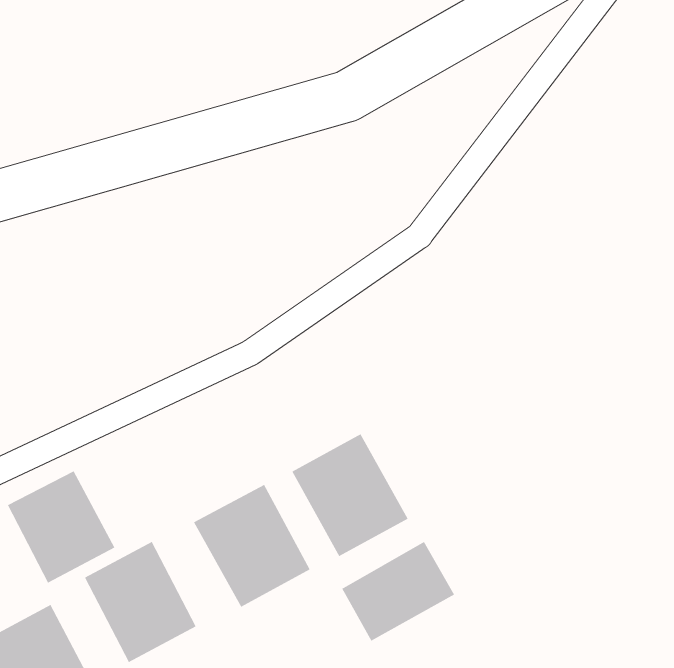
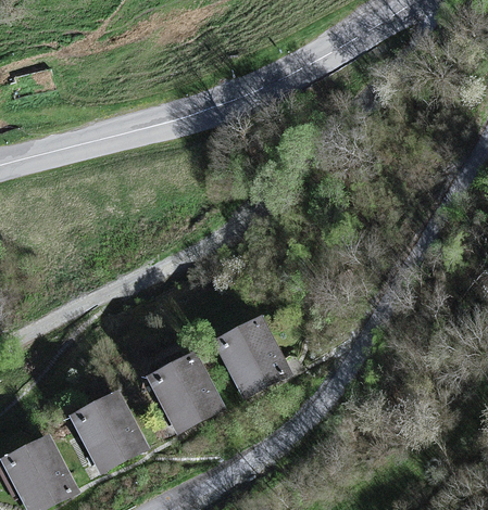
building: [7,471,115,583] -> none
building: [342,541,455,641] -> none

